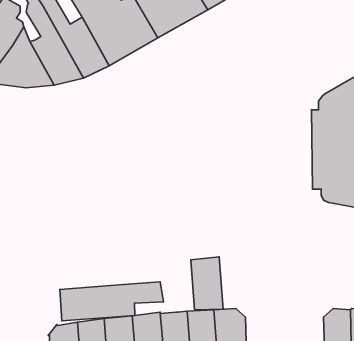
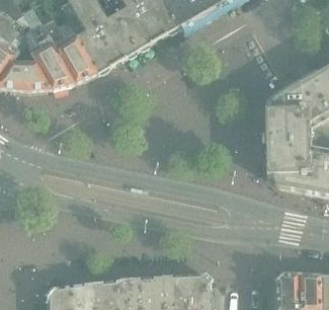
building: [191,257,223,310] -> none
building: [60,282,163,321] -> none

